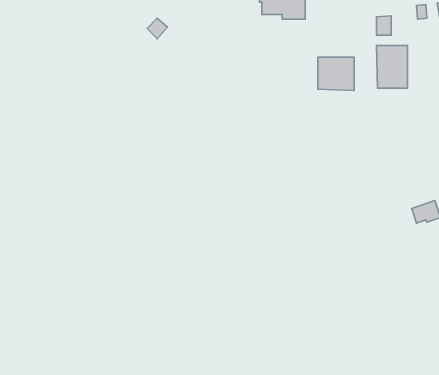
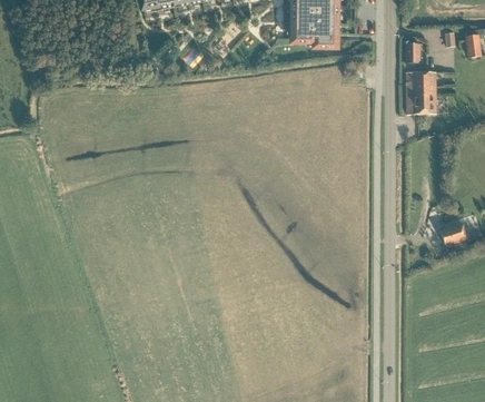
building: [318,57,354,90] -> none

